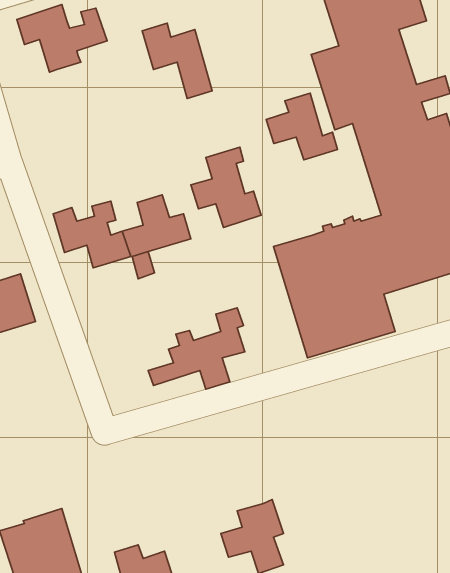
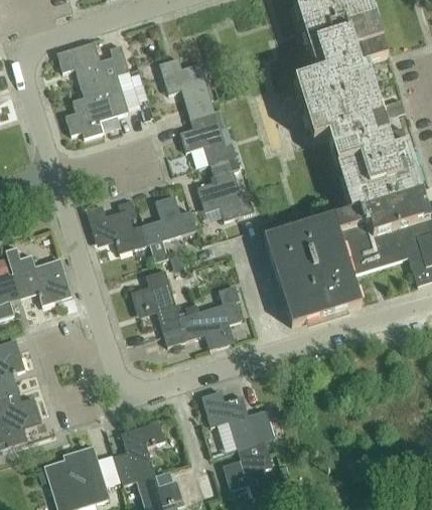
building: none -> [65,74,129,138]
building: [266,93,338,160] -> [179,111,237,164]
building: none -> [130,270,183,335]
building: none -> [199,382,263,448]
building: none -> [114,421,164,485]

